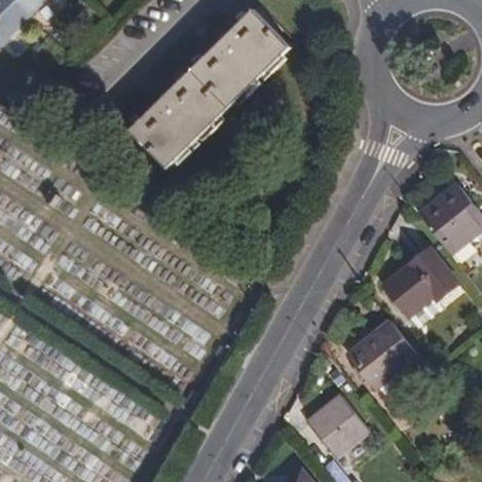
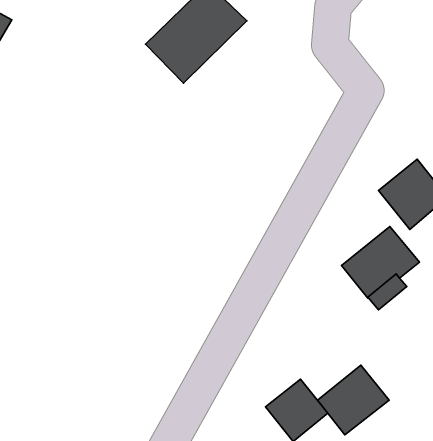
building: [131,69,228,168] -> none
building: [348,320,418,387] -> [318,365,389,435]

